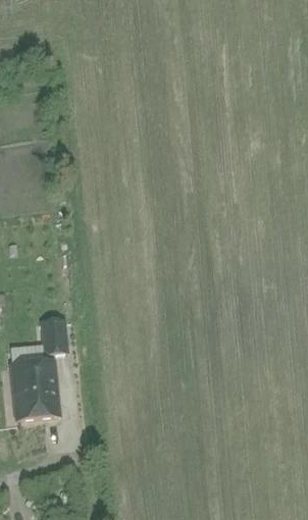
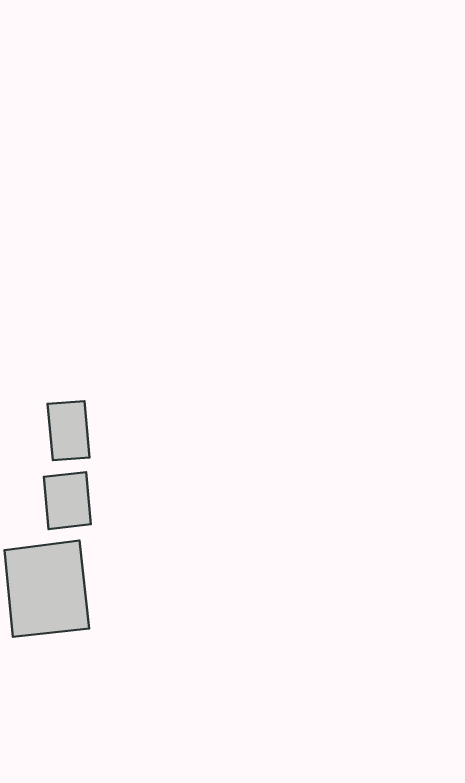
building: none -> [48,401,90,460]

